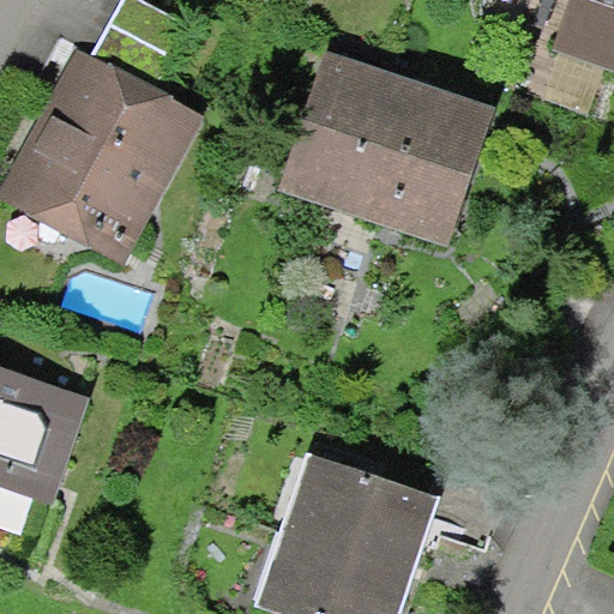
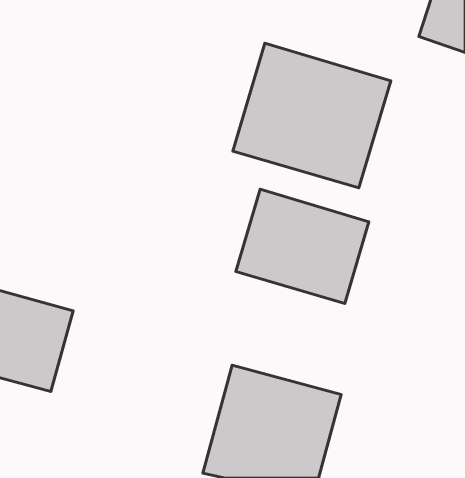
building: [16,64,197,257] -> none
building: none -> [236,189,369,303]

